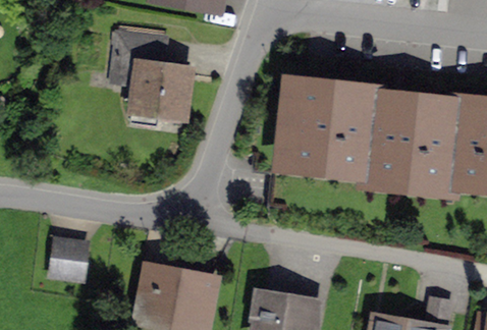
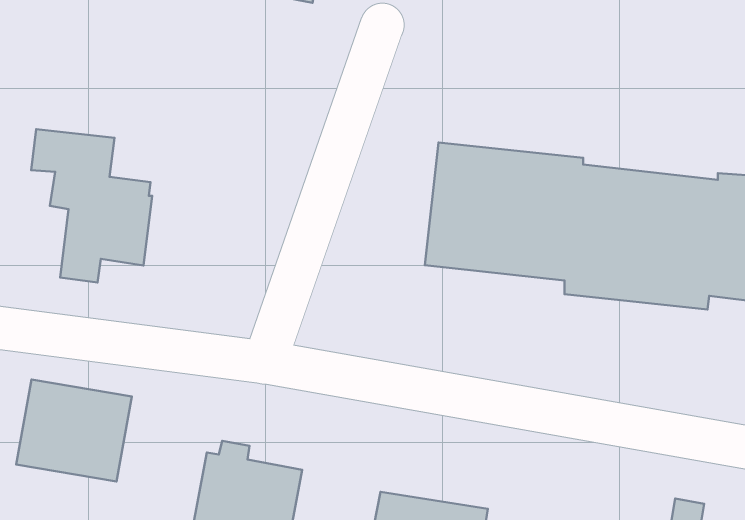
building: [115,34,187,125] -> [31,129,152,283]

